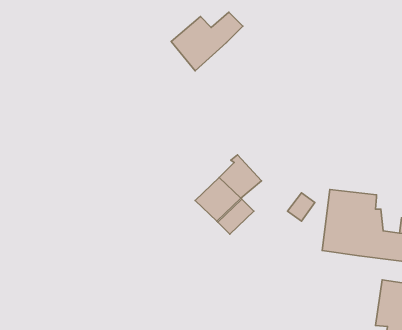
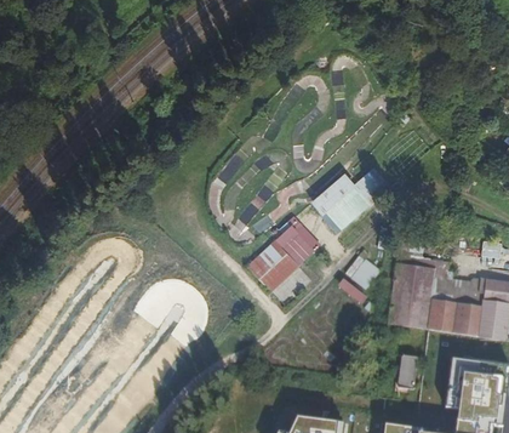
building: [171,12,243,71] -> [307,169,387,234]
building: none -> [395,354,417,392]

